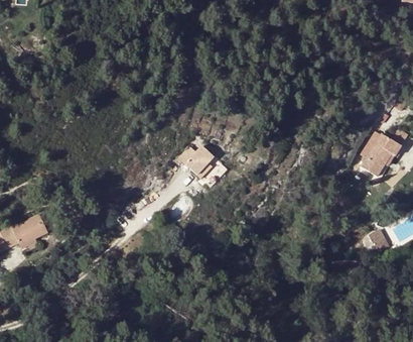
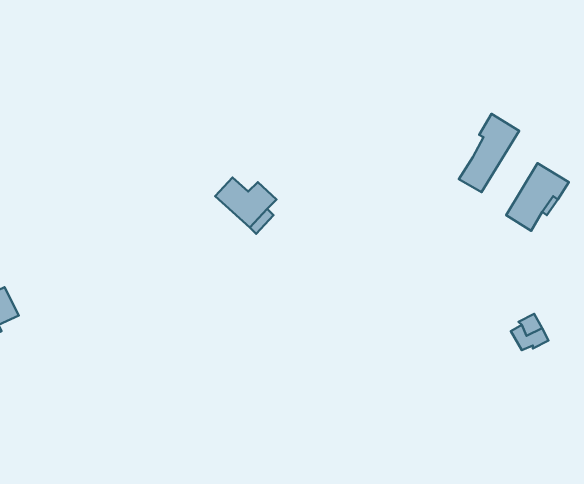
building: none -> [459,114,519,192]

